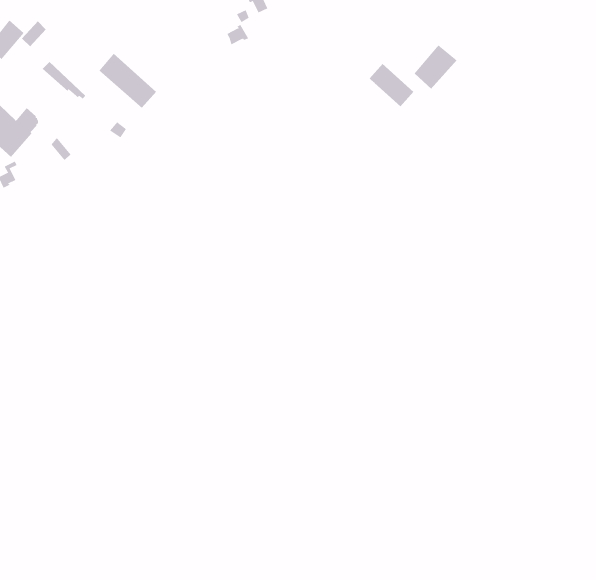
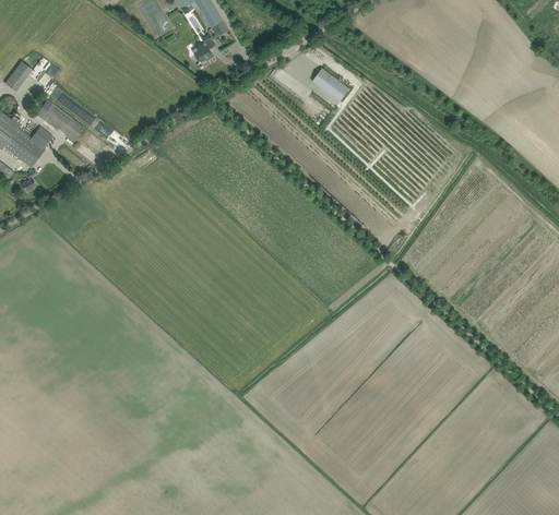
building: [414,44,458,89] -> none
building: [98,53,157,108] -> [36,99,84,142]

